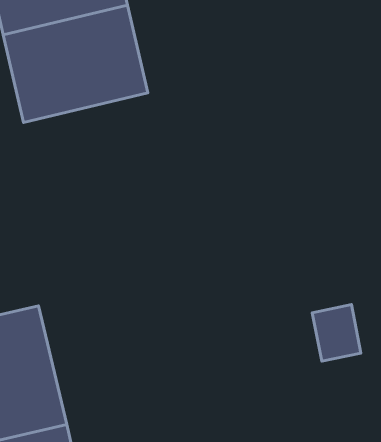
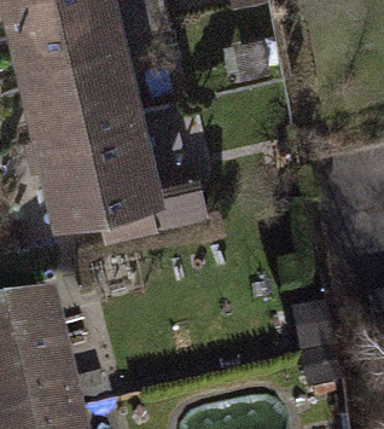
building: none -> [34,115,163,220]

